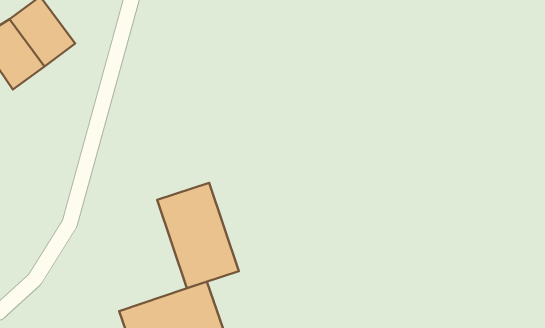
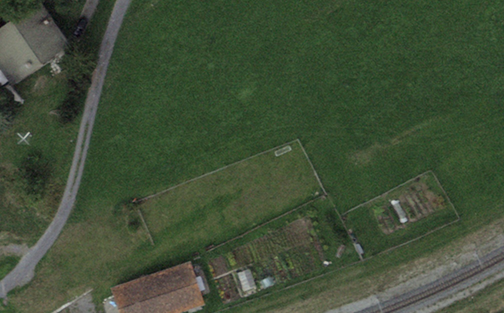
building: [157,183,239,288] -> none

